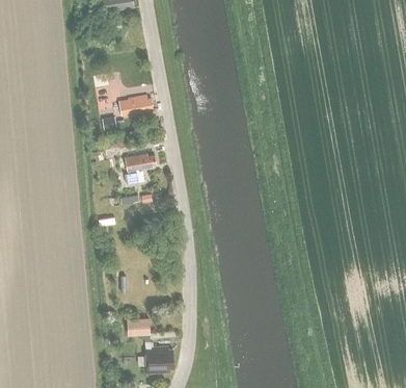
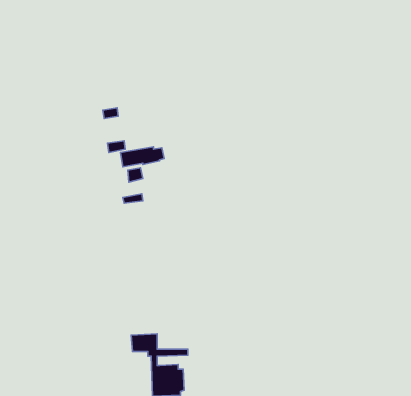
building: [117,95,153,117] -> none

